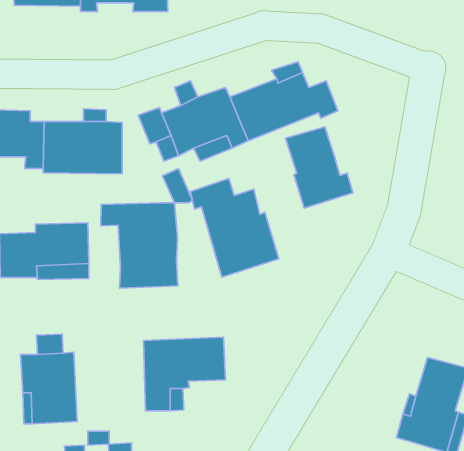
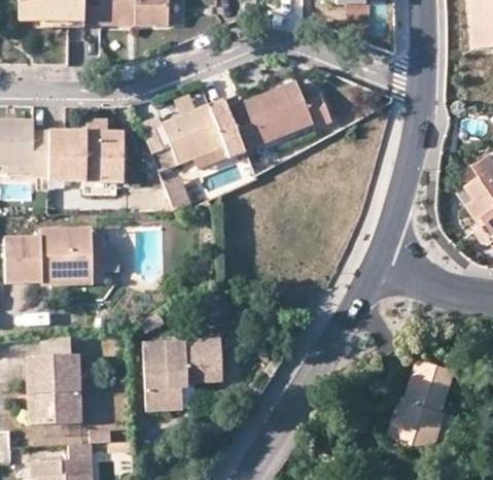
building: [285,127,353,208] -> none
building: [190,179,279,277] -> none
building: [101,203,178,288] -> none

